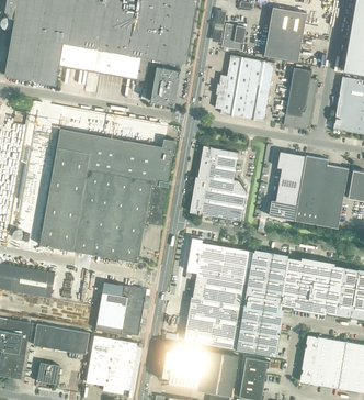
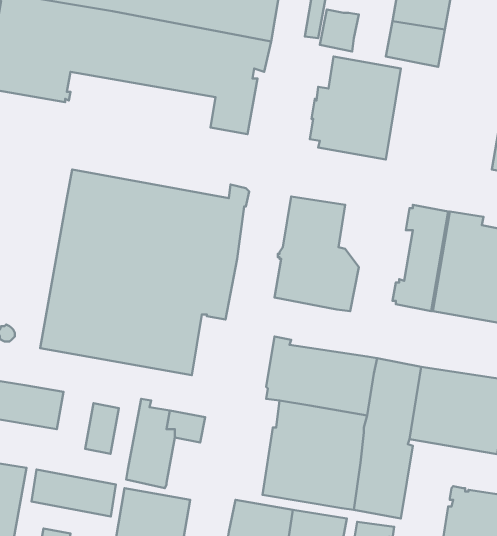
building: [284,68,317,129] -> none
building: [122,303,144,336] -> [85,403,119,454]

